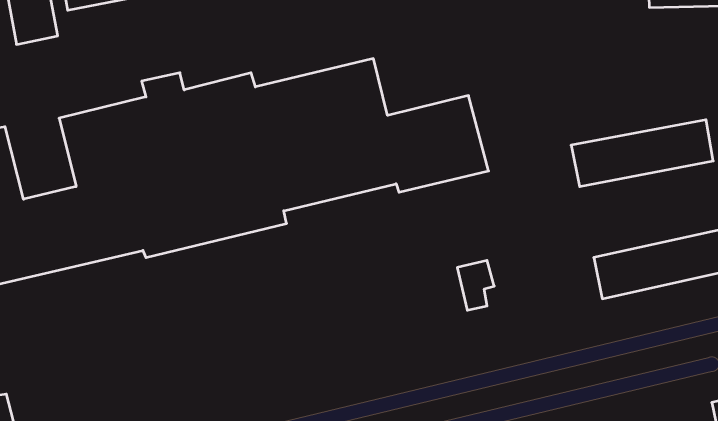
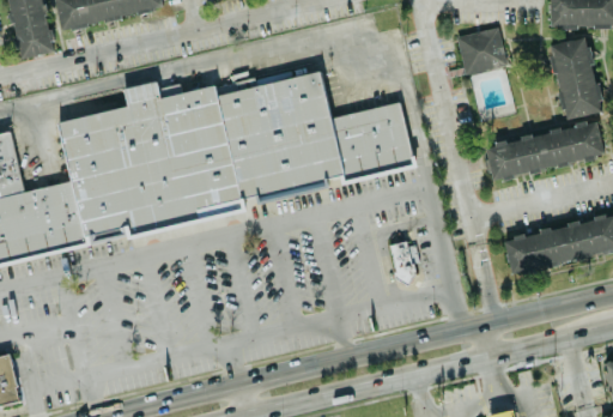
building: none -> [457,28,508,74]
building: none -> [550,37,602,119]

